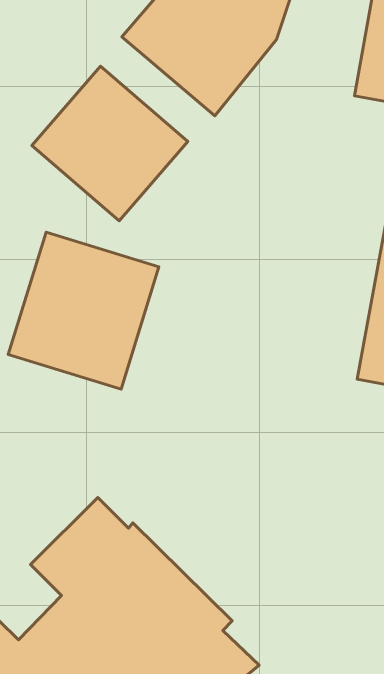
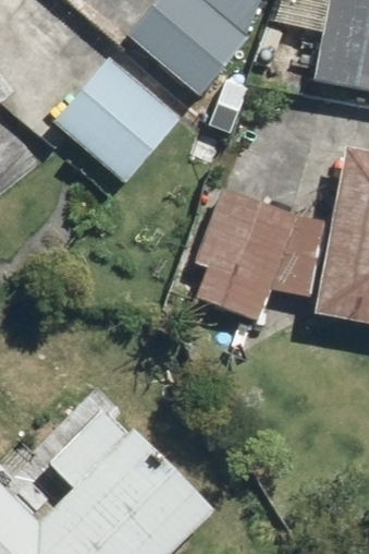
building: none -> [195,185,328,318]
building: [8,232,159,389] -> none

